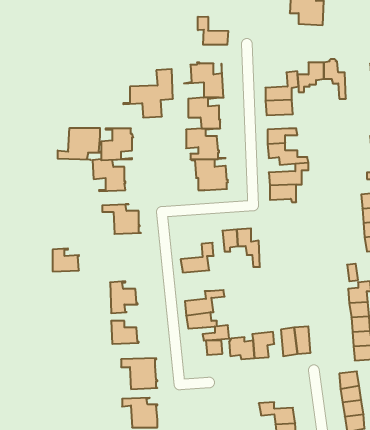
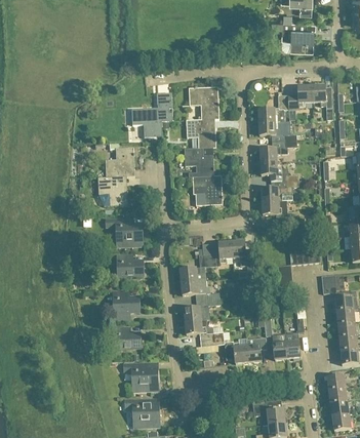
building: [198,17,228,45] -> none
building: [58,128,100,160] -> none
building: [53,248,79,271] -> [118,253,143,275]
building: none -> [182,279,219,298]

